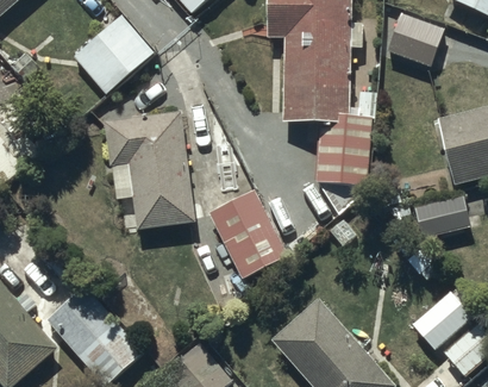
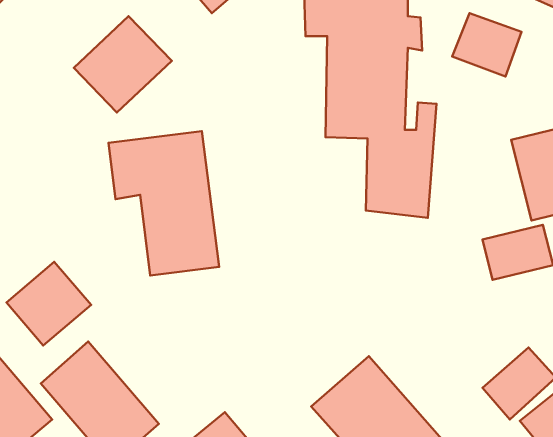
building: [209,191,286,277] -> none
building: none -> [6,262,91,345]

